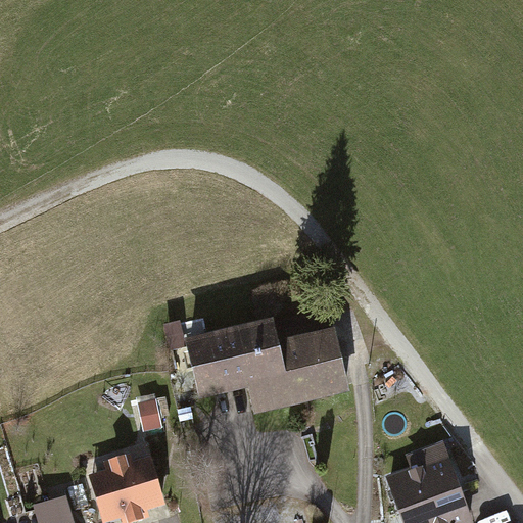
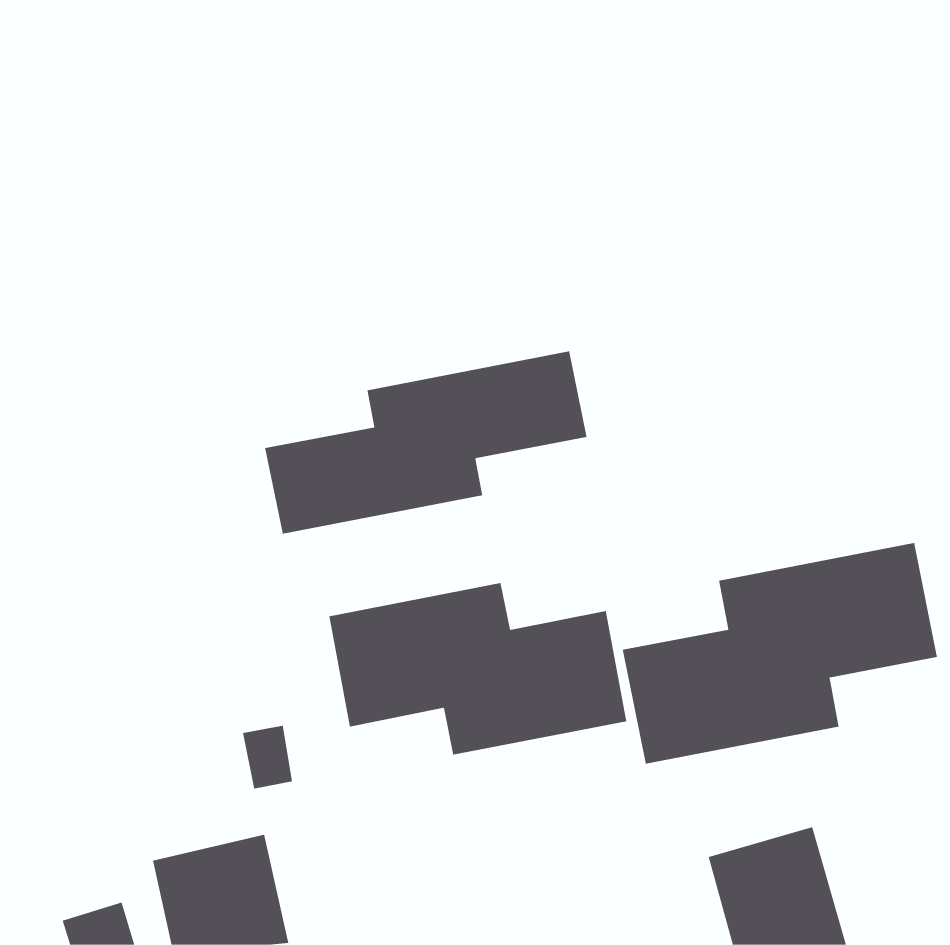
building: none -> [265,351,587,534]
building: none -> [622,542,938,764]

